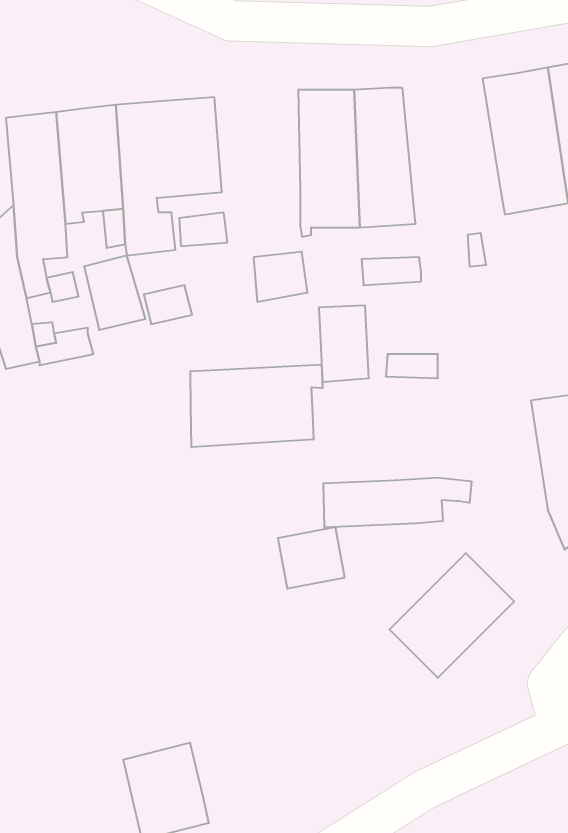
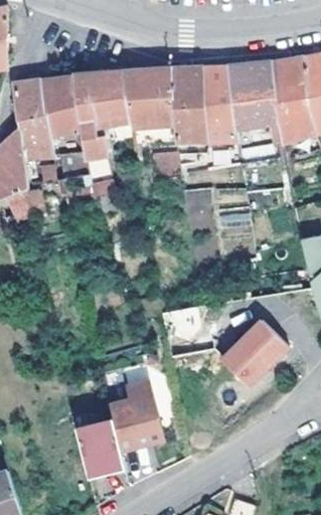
building: none -> [227,62,281,130]
building: none -> [126,68,172,128]
building: [191,365,322,447] -> none
building: [323,478,471,528] -> none
building: none -> [105,381,164,451]

